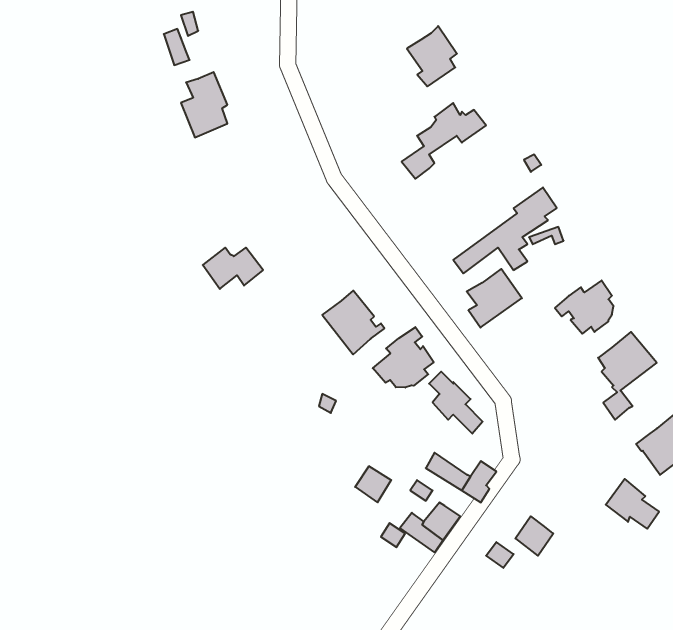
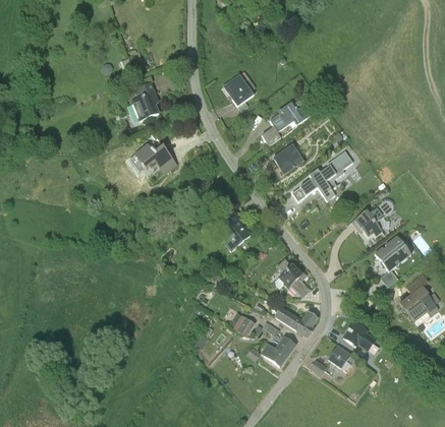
building: [407,26,457,86] -> [225,70,255,106]
building: [203,248,263,289] -> [134,144,170,169]
building: [467,269,522,328] -> [272,144,304,179]
building: [373,327,434,388] -> none
building: [606,479,659,529] -> [343,321,375,351]

